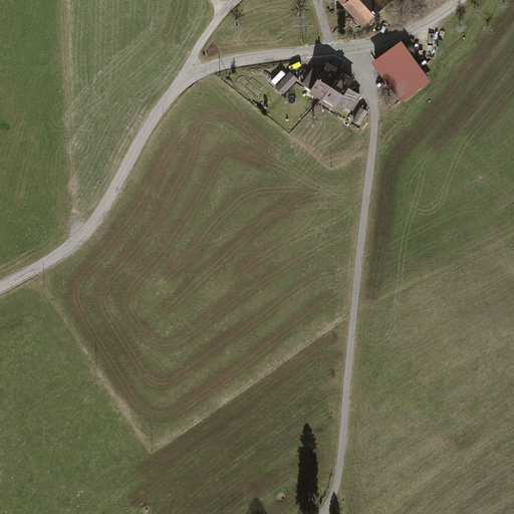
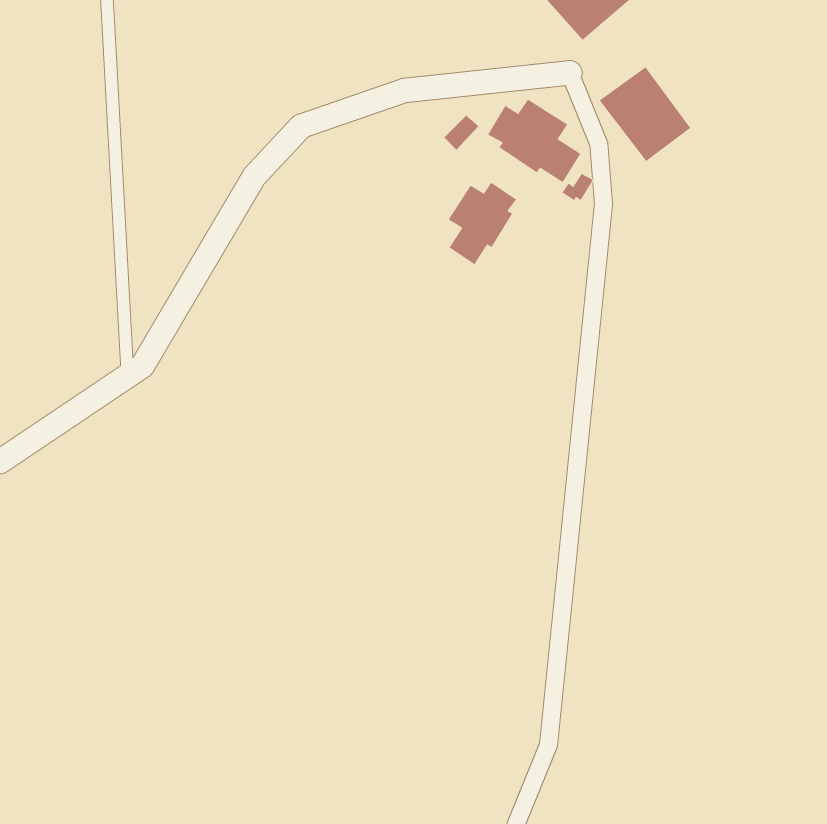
building: none -> [448,182,517,265]

